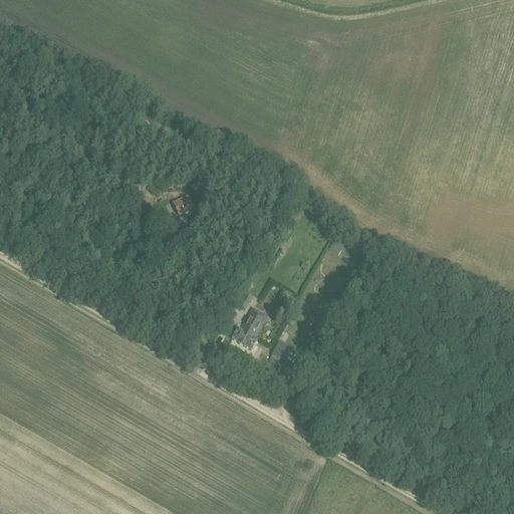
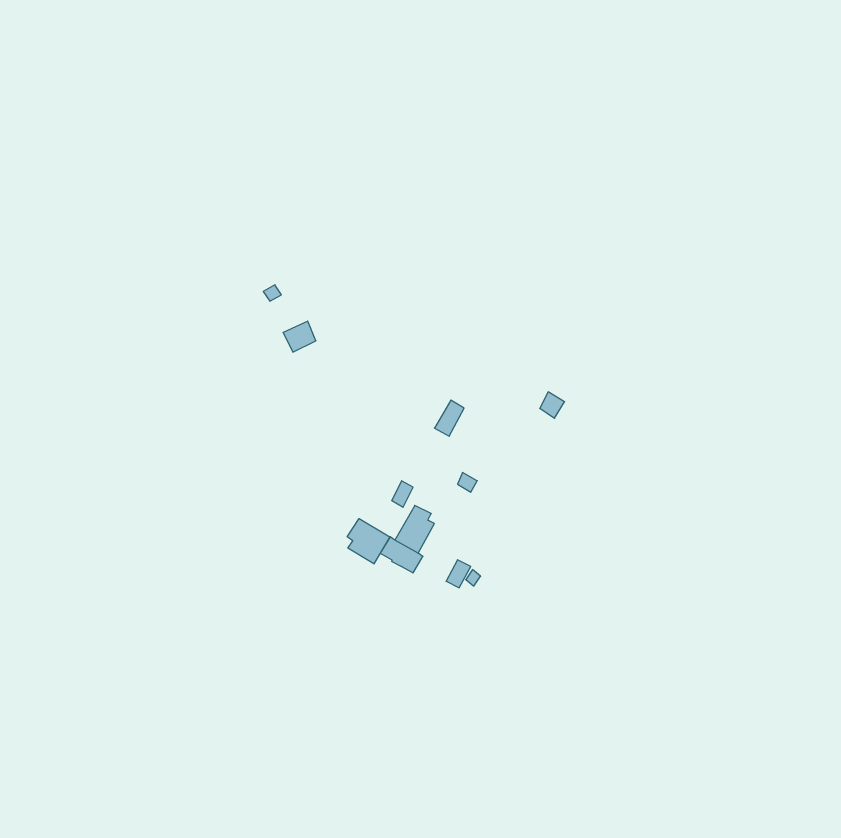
building: none -> [347,519,390,564]

